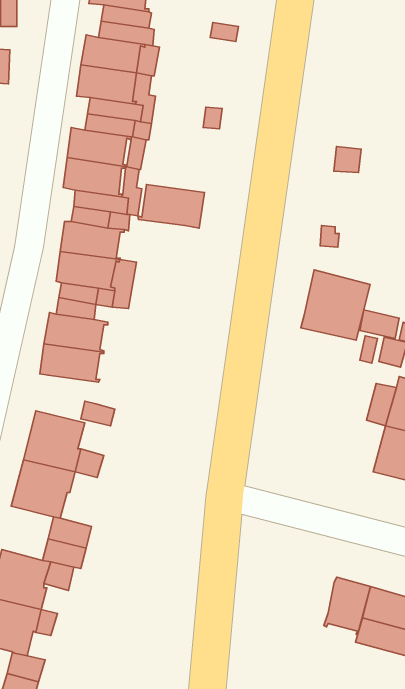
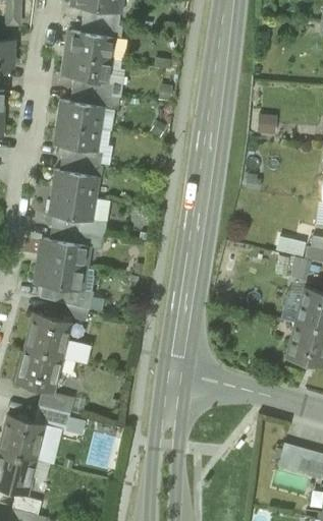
building: [138,185,204,228] -> none
building: [301,270,370,340] -> none
building: none -> [42,285,82,306]
building: [324,577,371,635] -> none

